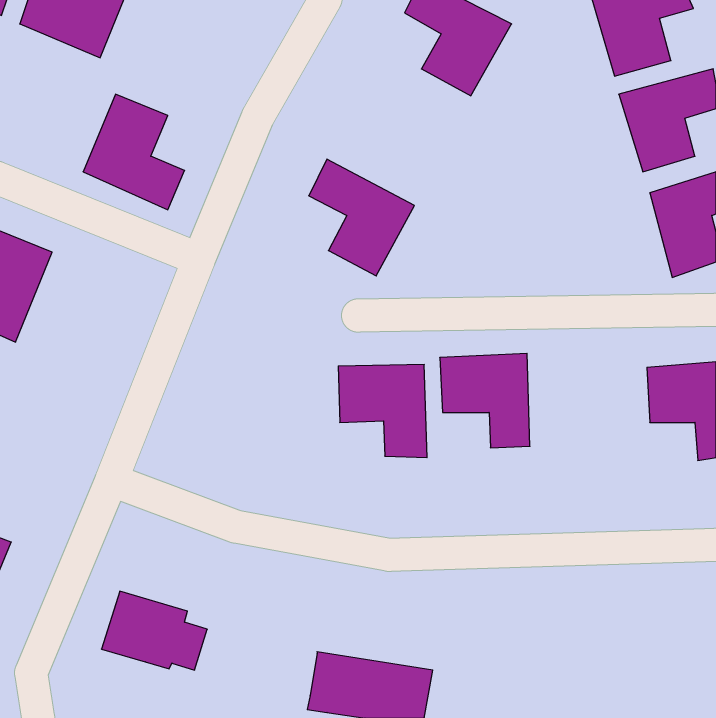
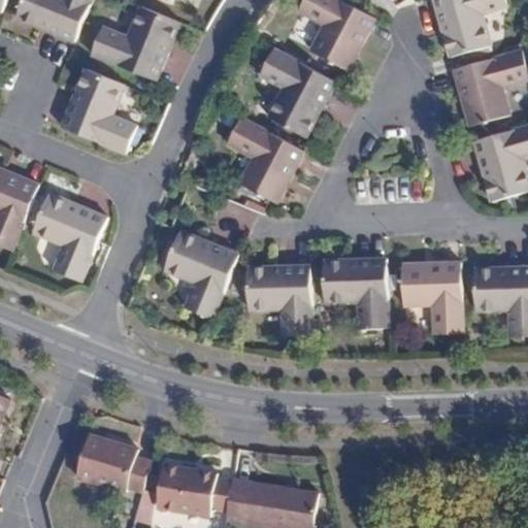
building: none -> [90,6,177,80]
building: none -> [258,48,334,136]
building: none -> [31,194,104,282]
building: none -> [162,231,238,319]
building: none -> [402,261,463,333]
building: none -> [156,463,232,516]

